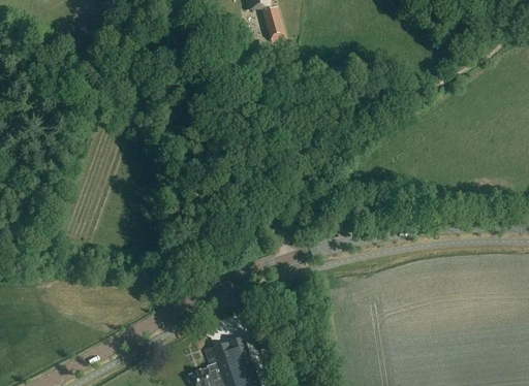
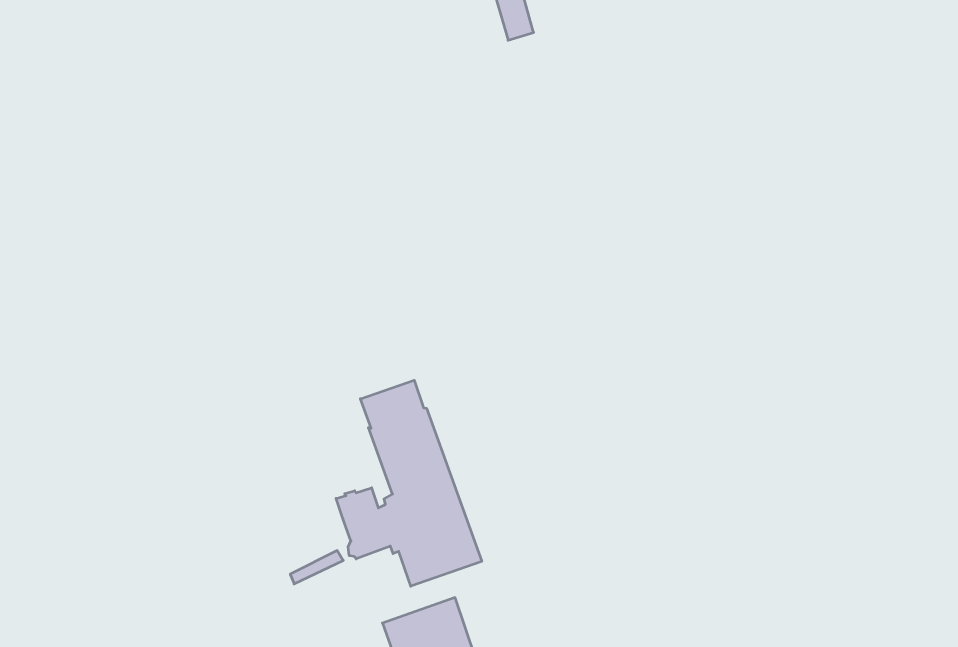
building: none -> [336,380,482,586]

